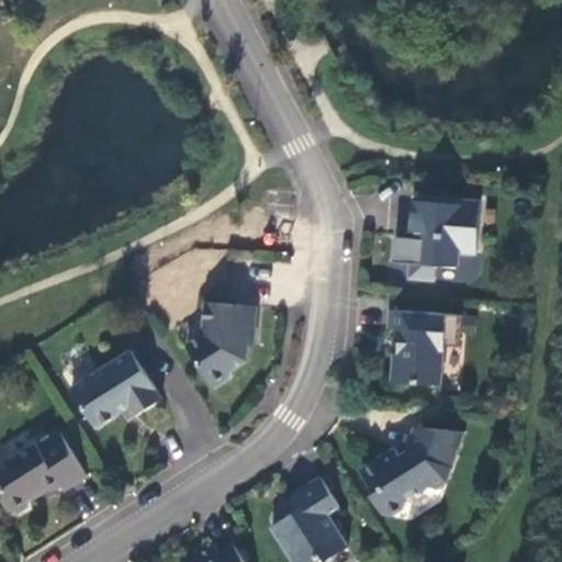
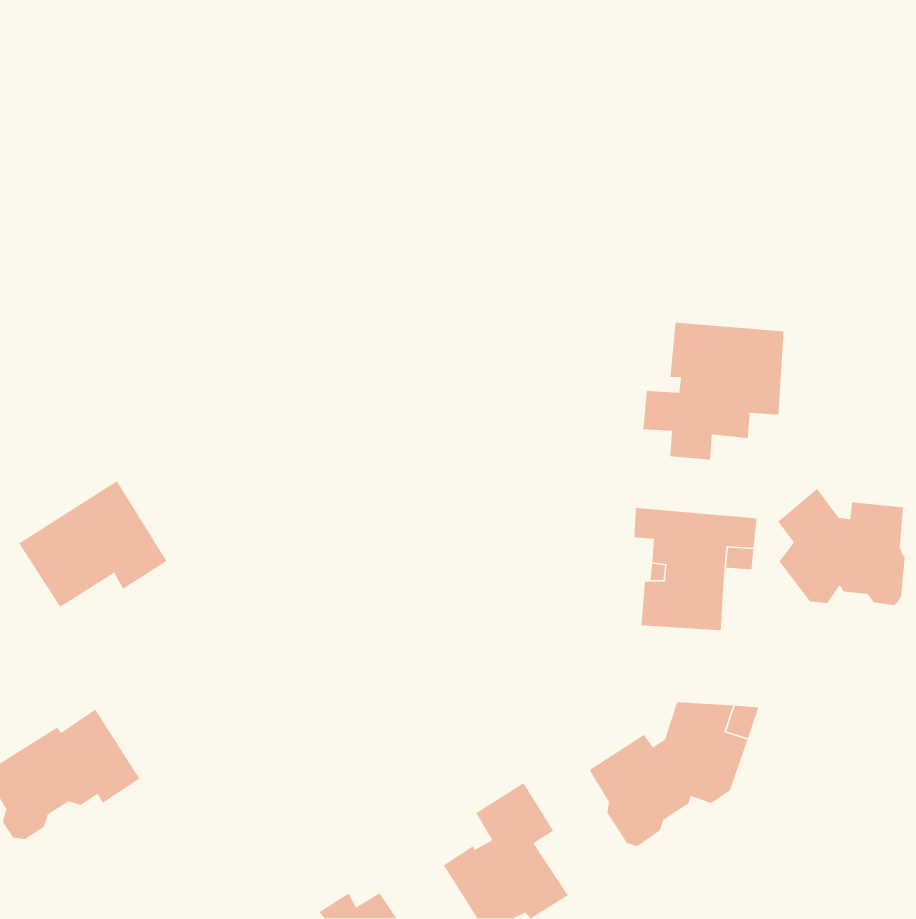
building: none -> [777,488,906,606]
building: [184,302,256,389] -> none
building: [69,350,160,428] -> [18,480,168,608]

